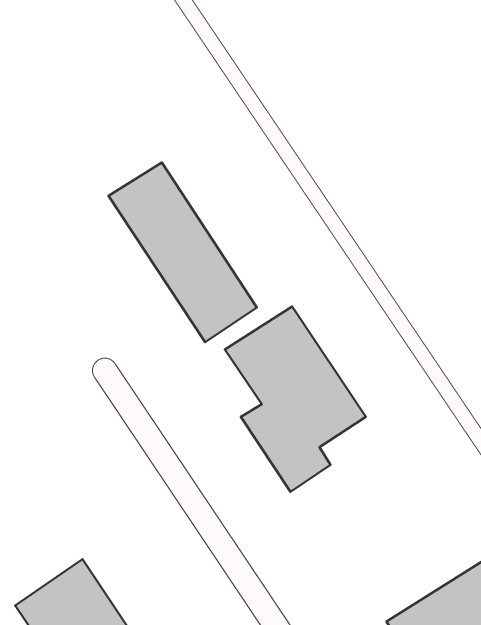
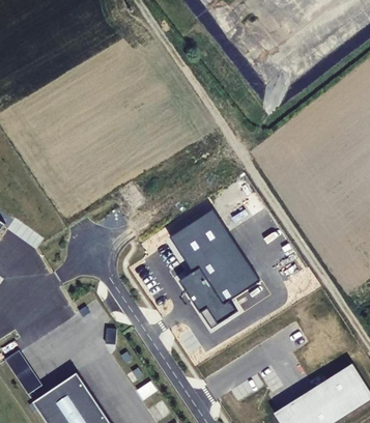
building: [109,162,257,342] -> none

